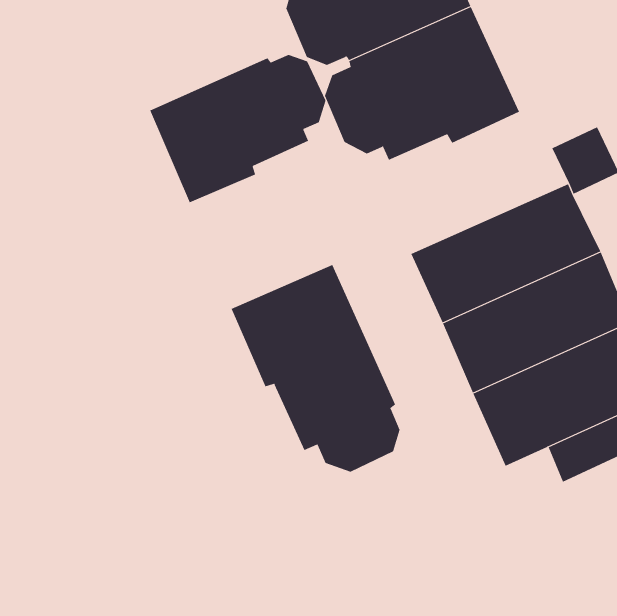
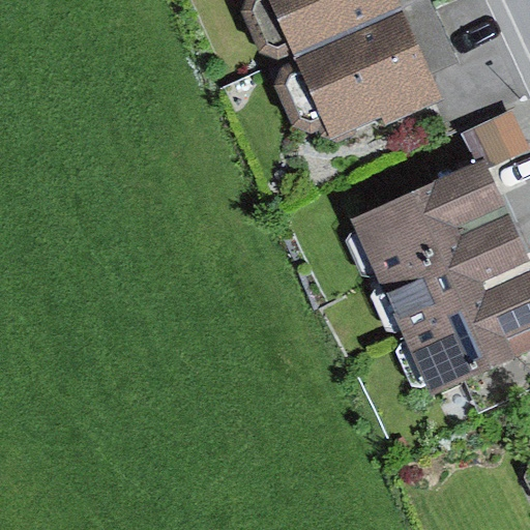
building: [150,54,326,203] -> none
building: [231,264,400,472] -> none

